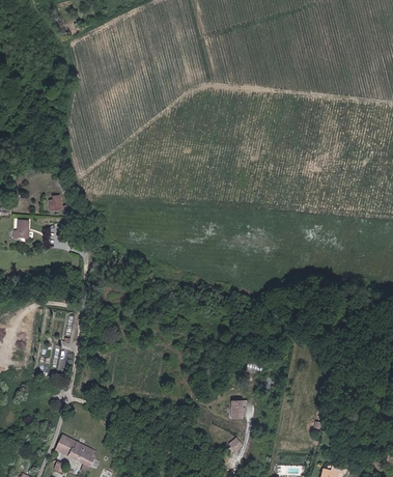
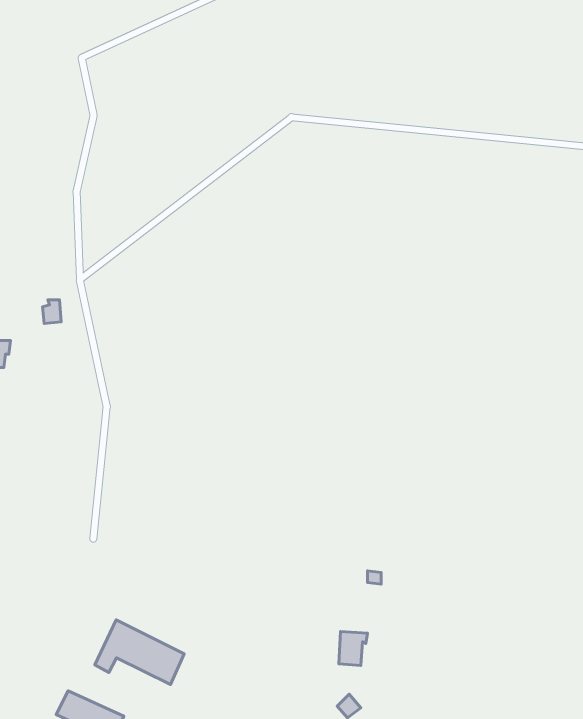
building: none -> [95,620,184,684]

